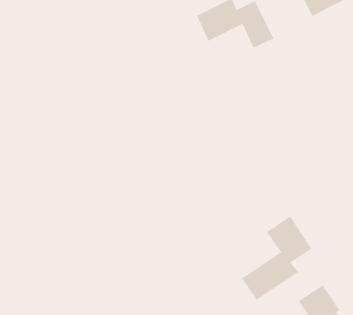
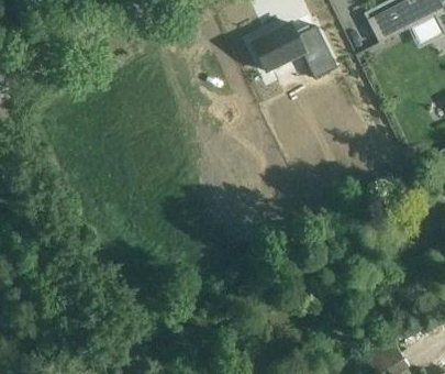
building: [241,215,312,300] -> none

